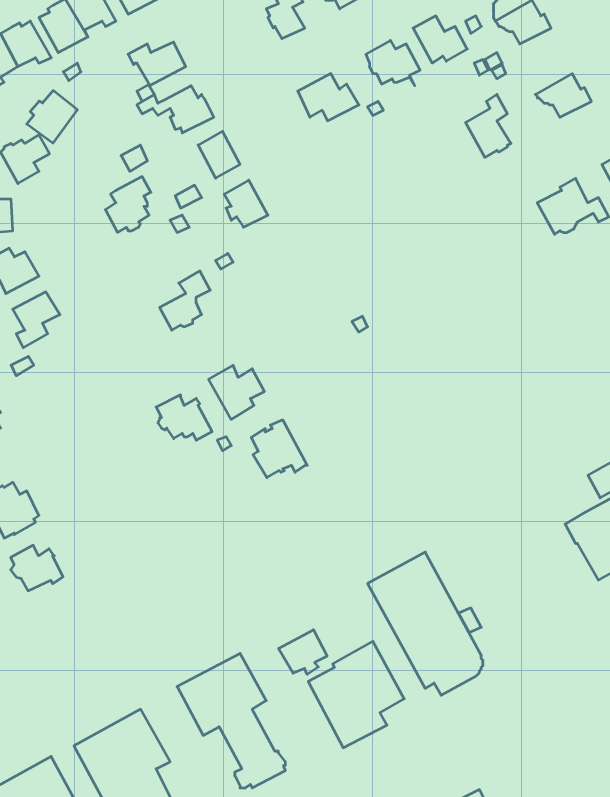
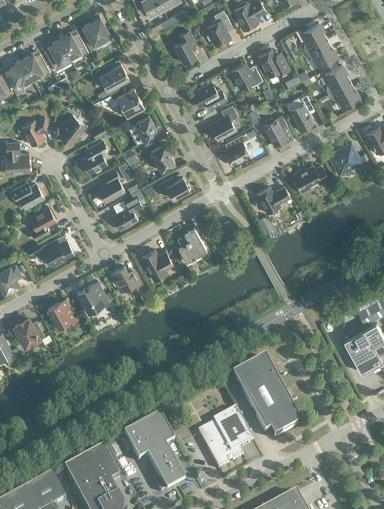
building: none -> [323,65,348,94]
building: [27,91,77,143] -> [56,115,85,145]
building: none -> [209,105,237,139]
building: none -> [262,115,286,145]
building: none -> [223,132,249,165]
building: none -> [291,165,327,192]
building: none -> [96,170,123,201]
building: none -> [156,177,188,198]
building: none -> [255,186,289,213]
building: none -> [42,239,73,266]
building: [251,420,307,478] -> [176,228,208,261]
building: none -> [76,281,108,312]
building: [11,545,63,591] -> [46,301,76,327]
building: [279,630,327,674] -> none

